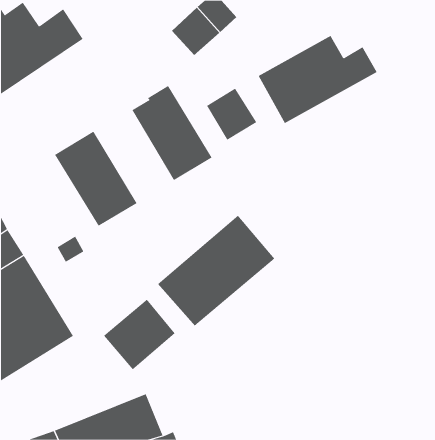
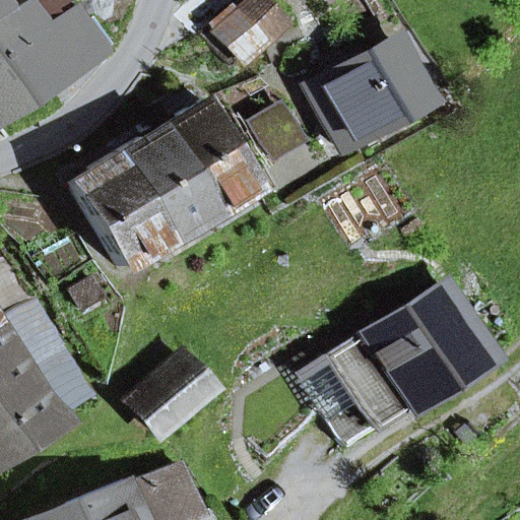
building: none -> [116,130,210,240]
building: [157,215,275,327] -> none
building: none -> [301,287,486,447]

